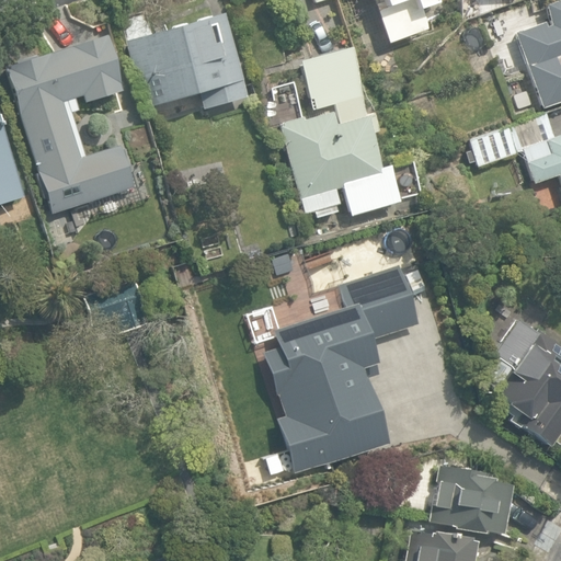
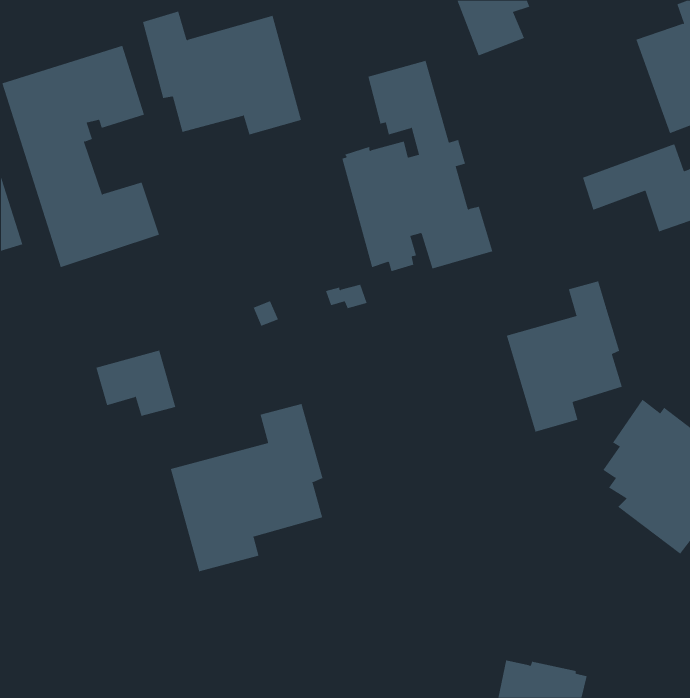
building: none -> [506,281,623,433]
building: [268,273,414,466] -> none
building: none -> [170,403,323,572]
building: [434,466,511,534] -> none

